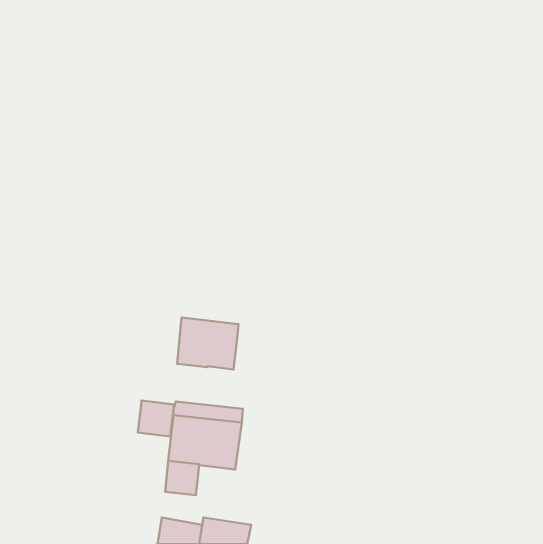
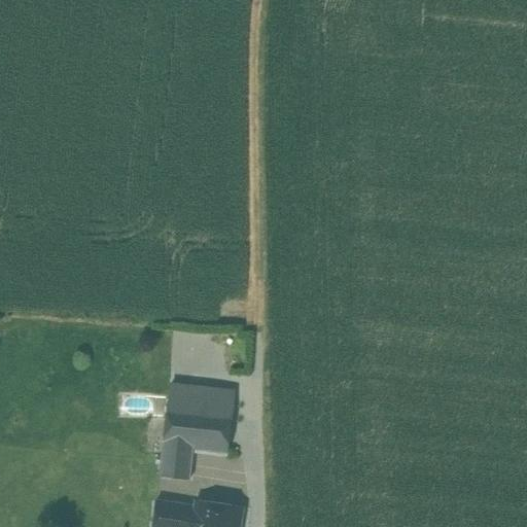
building: [177,318,239,369] -> none
building: [138,401,174,436] -> none

